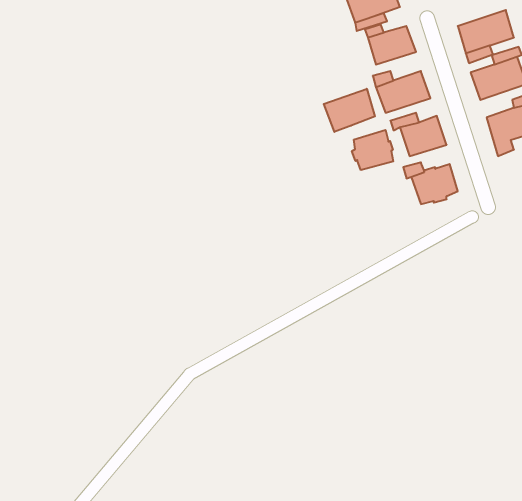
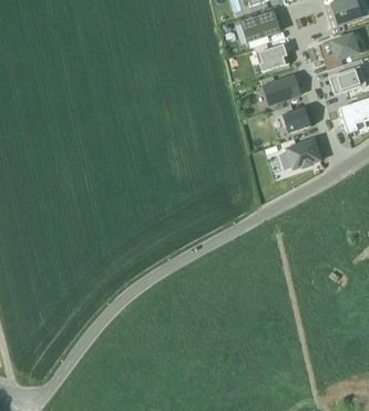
building: [324,89,375,132] -> none
building: [352,130,393,170] -> none

